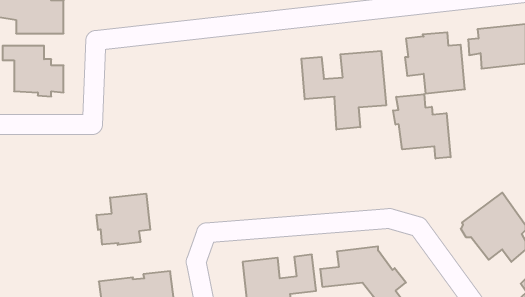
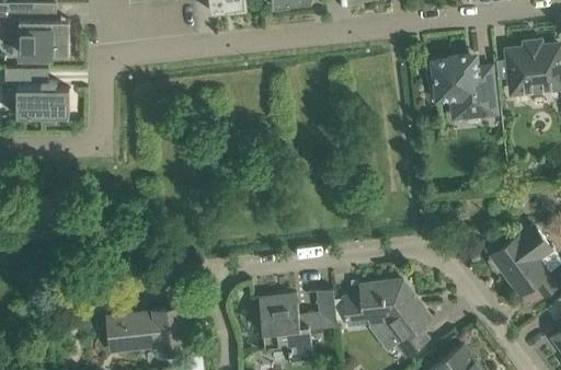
building: [301,51,386,130] -> none
building: [393,94,451,159] -> none
building: [97,194,150,245] -> none

